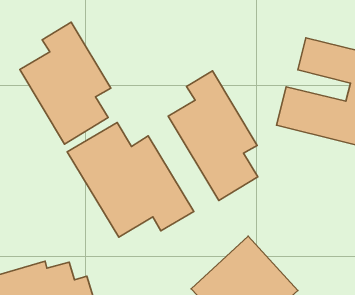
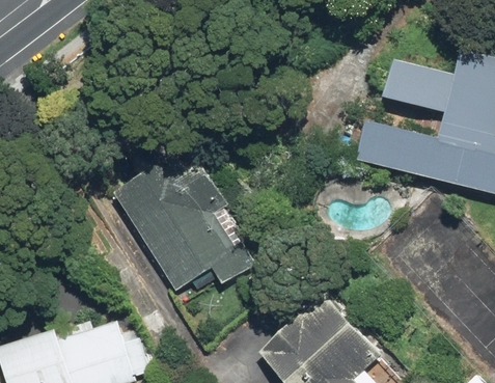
building: [20,22,111,144] -> none
building: [168,71,258,201] -> none

